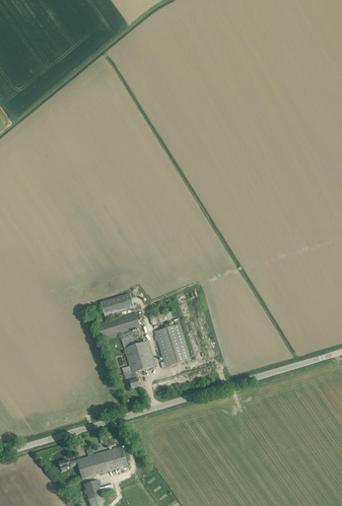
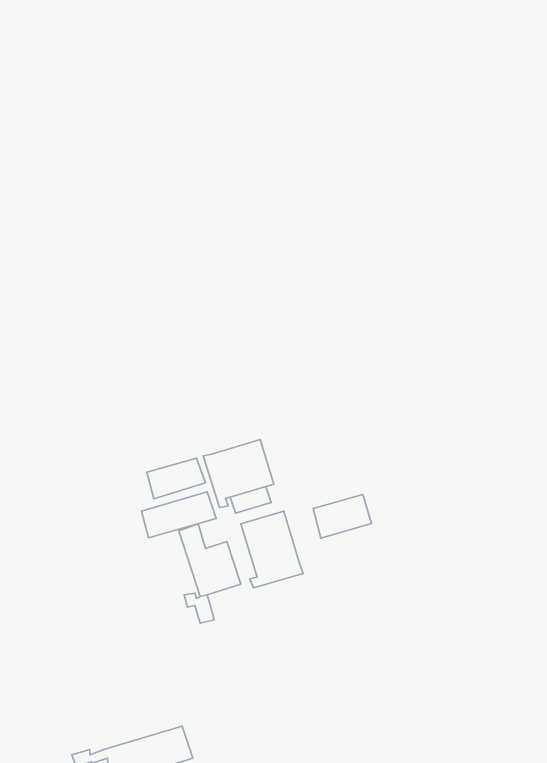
building: none -> [203,440,274,507]
building: none -> [313,495,372,538]

